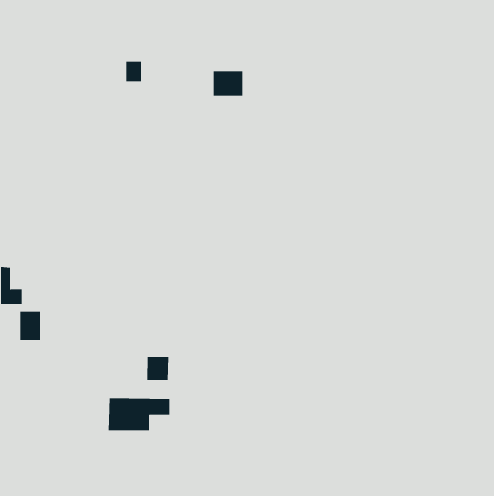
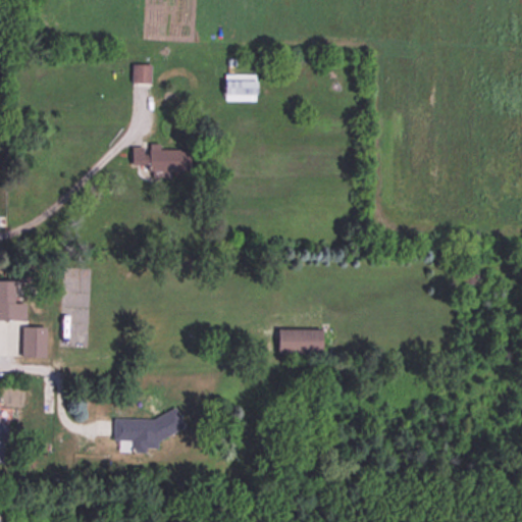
building: none -> [134,146,191,171]
building: none -> [279,328,324,353]
building: [147,356,169,381] -> none

